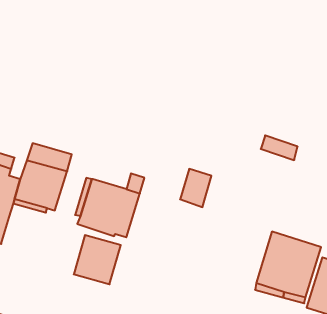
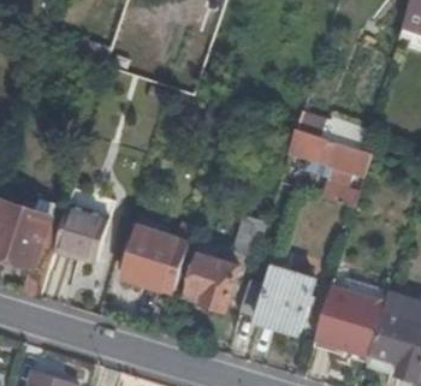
building: none -> [286,126,369,183]
building: none -> [238,267,312,331]
building: [74,235,121,284] -> [186,255,237,308]

